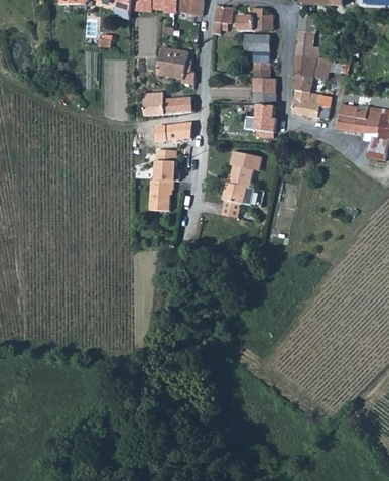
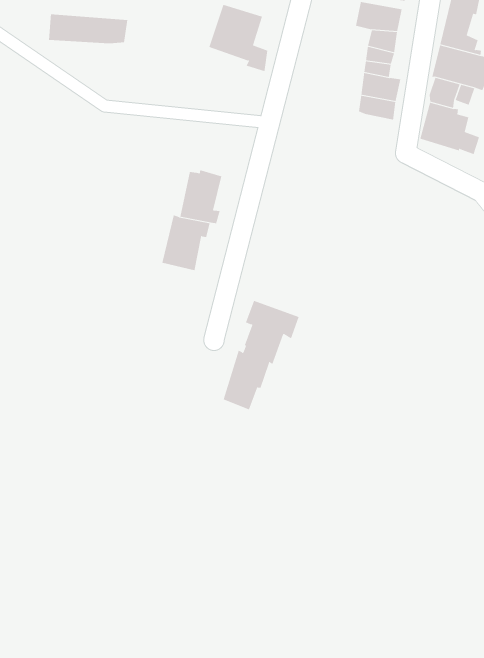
building: [144,97,191,116] -> [48,14,128,44]
building: [256,105,276,137] -> none
building: [165,122,192,139] -> none
building: [221,150,260,217] -> [223,300,300,410]

